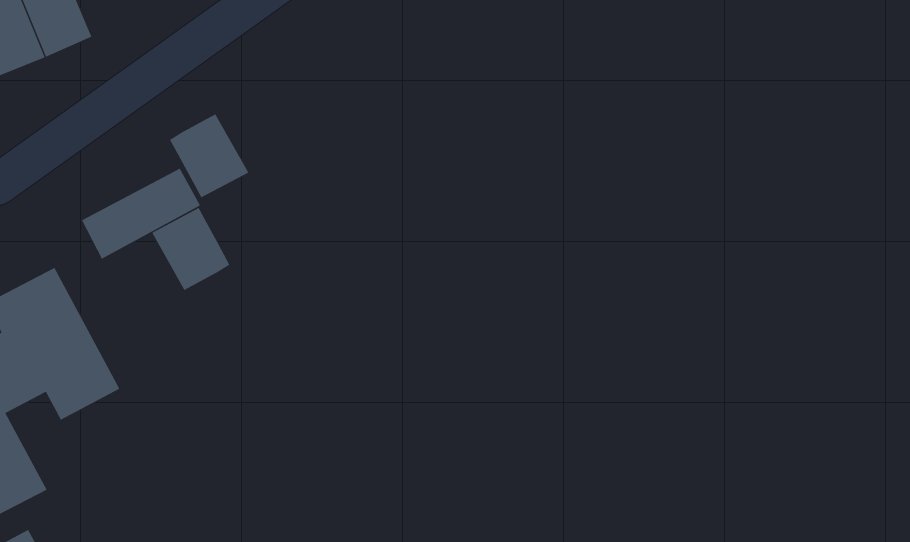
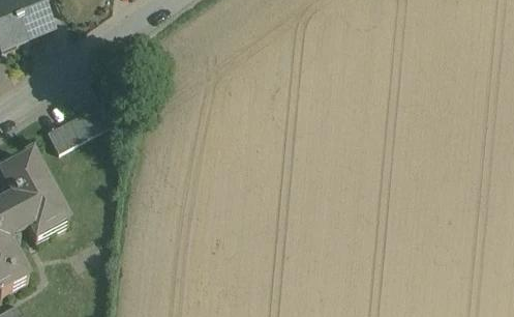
building: [169,113,249,198] -> none
building: [151,207,230,291] -> none

